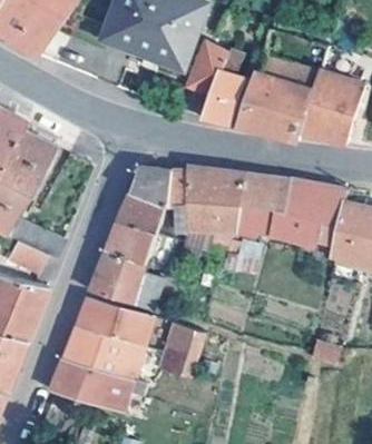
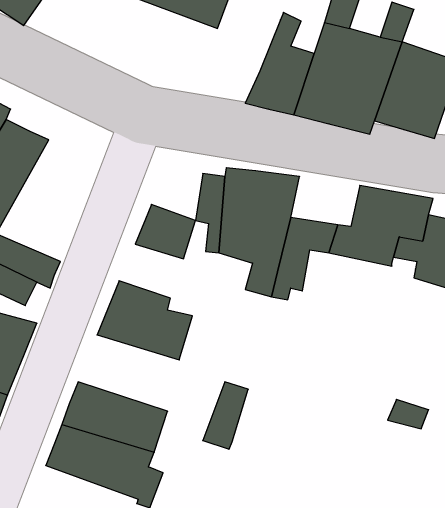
building: [188,46,228,93] -> none
building: [130,167,169,207] -> none
building: [236,174,288,211] -> none
building: [106,225,155,266] -> none
building: [75,299,153,352] -> none

